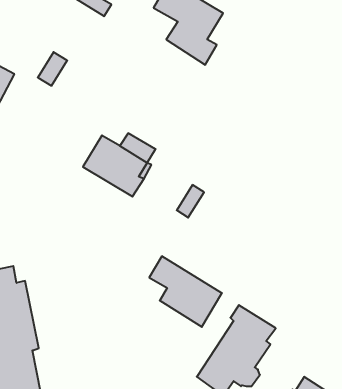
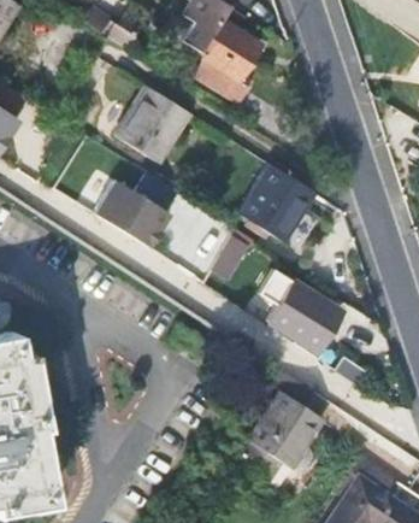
building: none -> [113,86,189,165]
building: none -> [237,164,313,241]
building: [149,256,222,327] -> [260,272,343,353]

